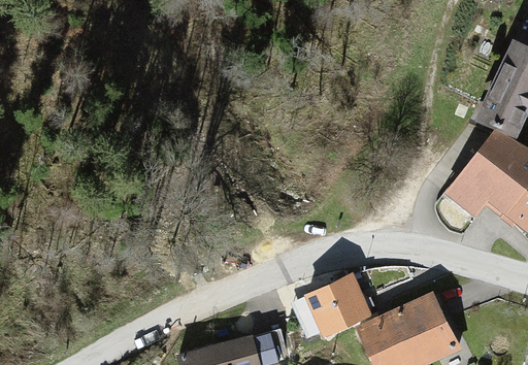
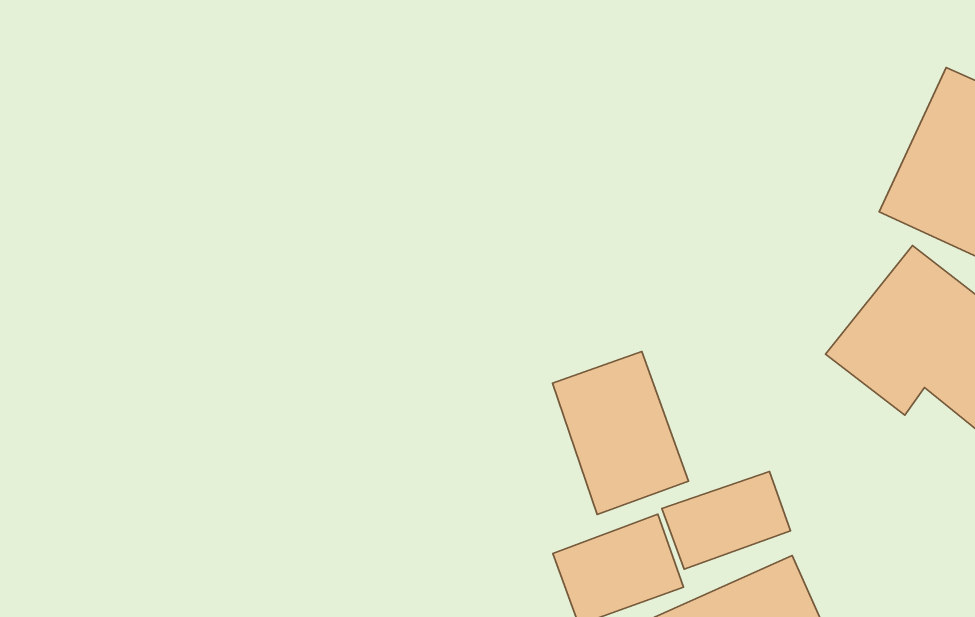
building: none -> [553,351,688,514]
building: none -> [662,472,790,569]

